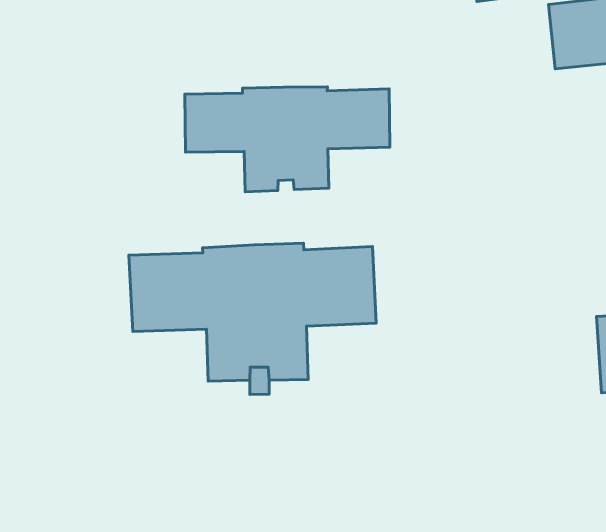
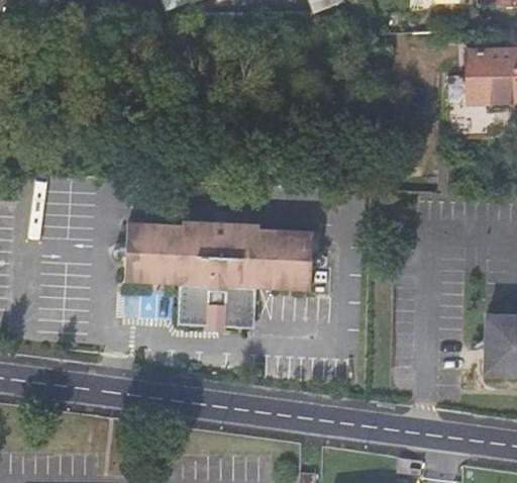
building: [185,87,390,192] -> none

